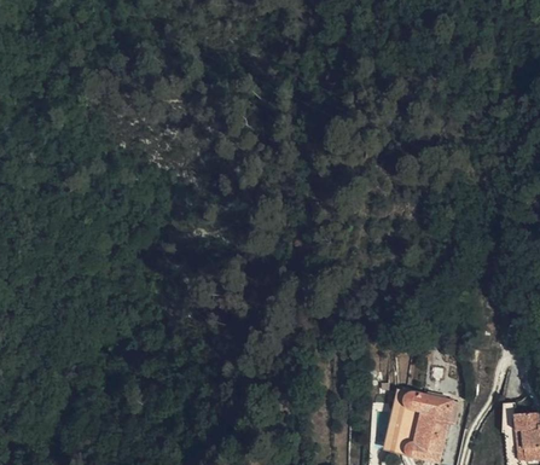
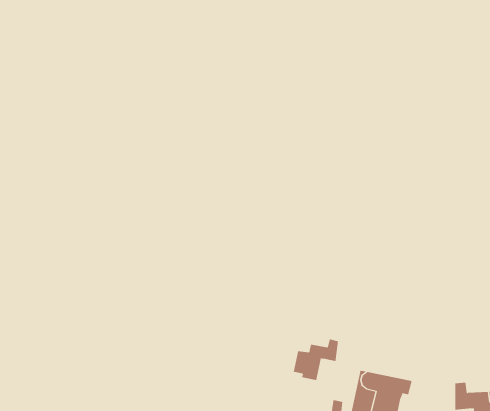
building: none -> [293,339,339,381]

